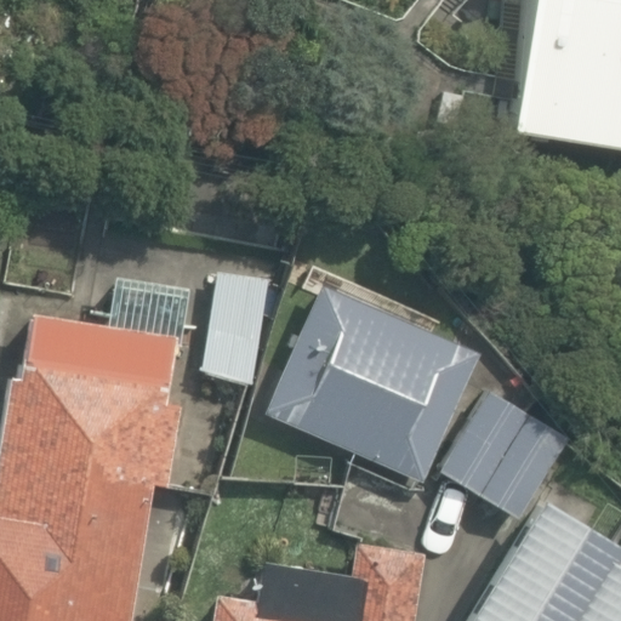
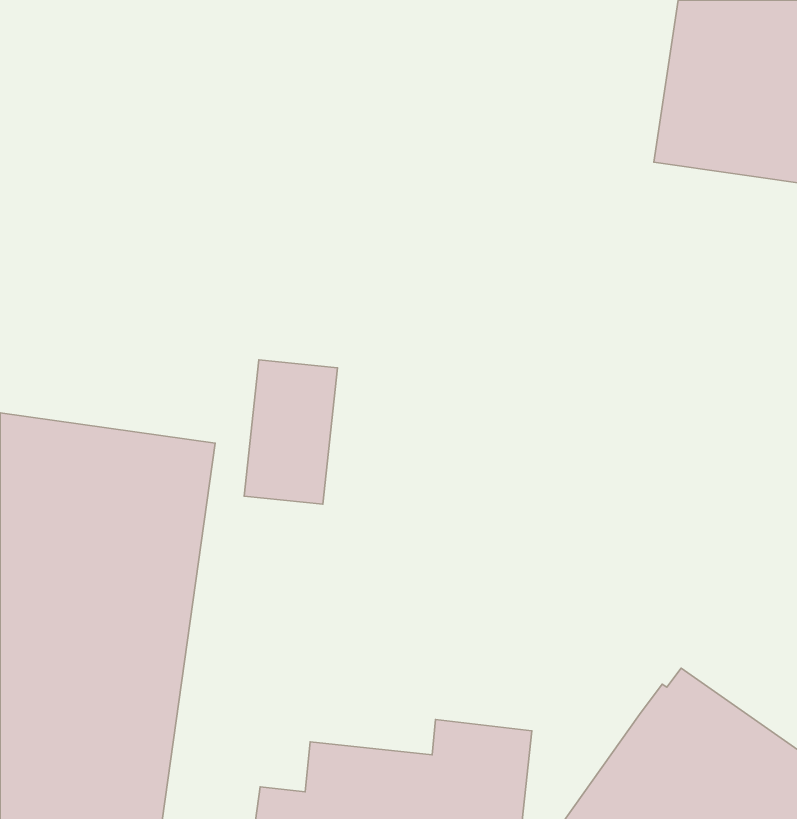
building: [264,283,479,484] -> none
building: [435,381,566,518] -> none

